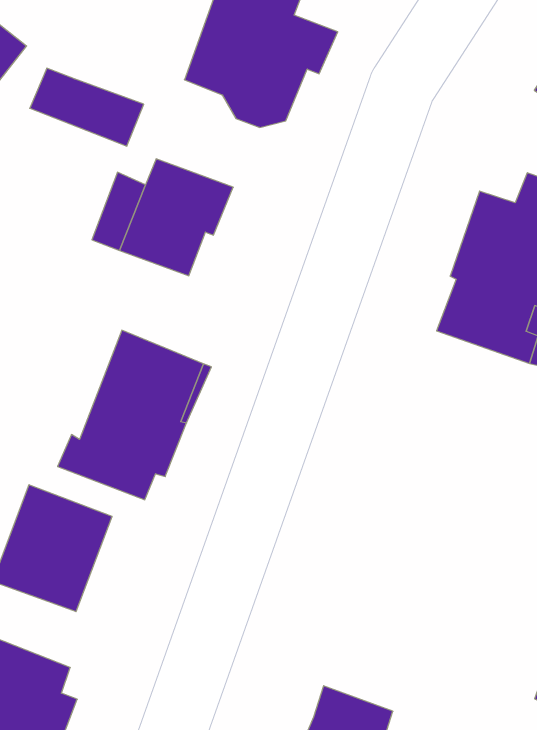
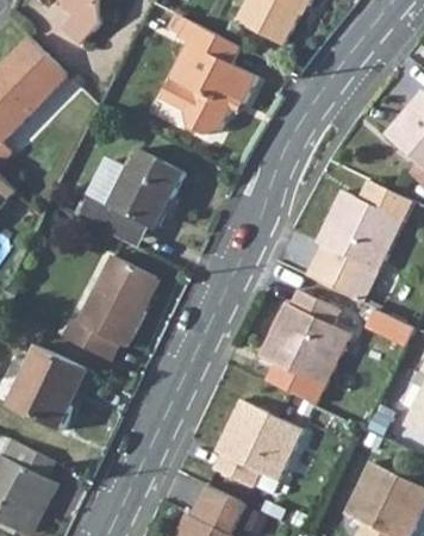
building: [30,68,144,146] -> [81,197,152,250]
building: none -> [261,298,355,393]
building: none -> [218,400,304,491]

